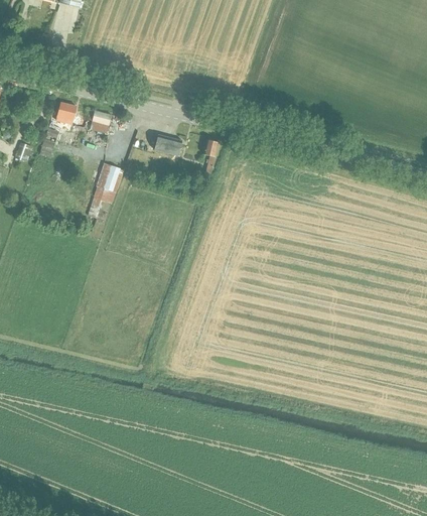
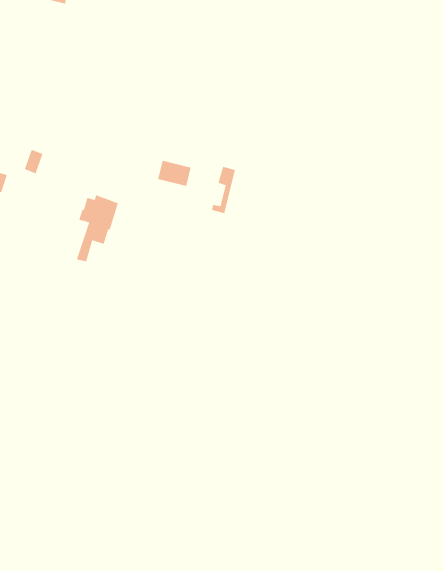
building: [55,101,75,129] -> none
building: [86,109,111,132] -> none

